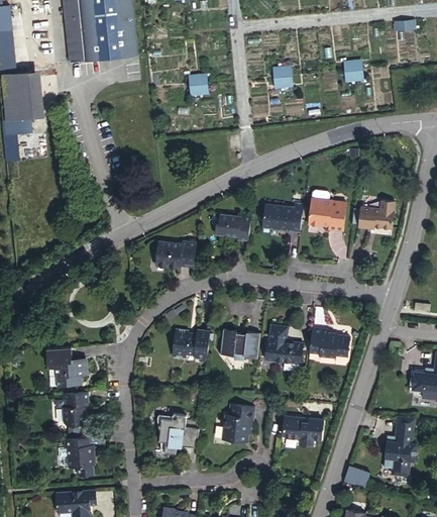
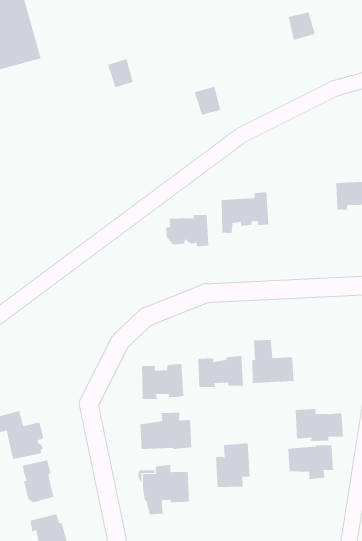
building: [274,66,294,88] -> [194,86,221,116]
building: [309,195,342,230] -> none
building: [155,239,197,268] -> none
building: [309,327,350,357] -> [295,409,344,442]
building: none -> [140,412,192,450]

